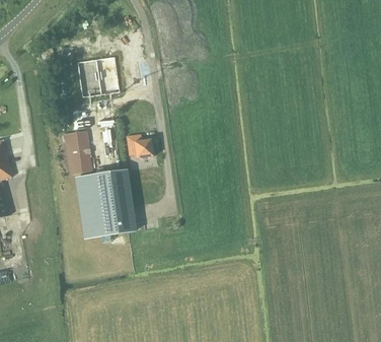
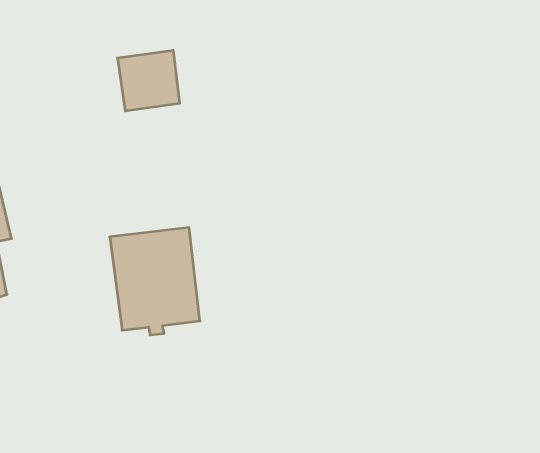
building: [66,108,93,173] -> none
building: [128,132,152,155] -> none

